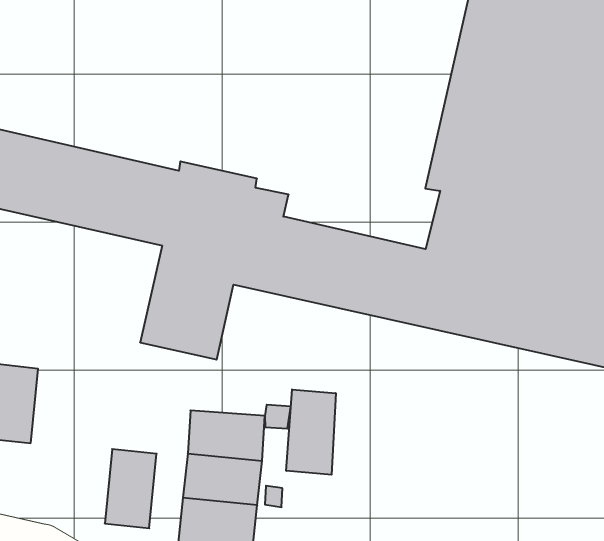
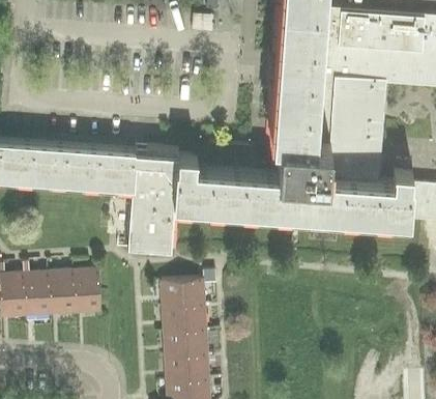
building: [286,389,336,475] -> none
building: [105,449,157,528] -> [75,270,101,313]

